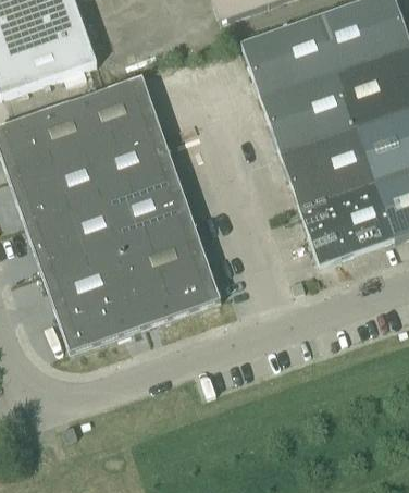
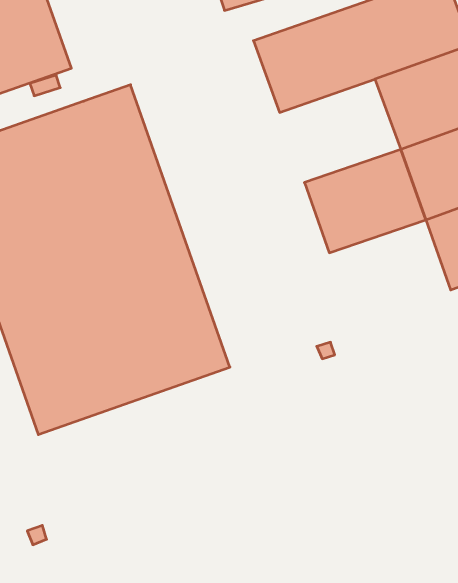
building: [260,71,356,152] -> none
building: [299,182,395,264] -> none

